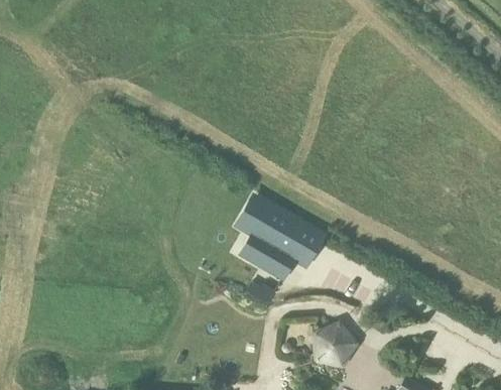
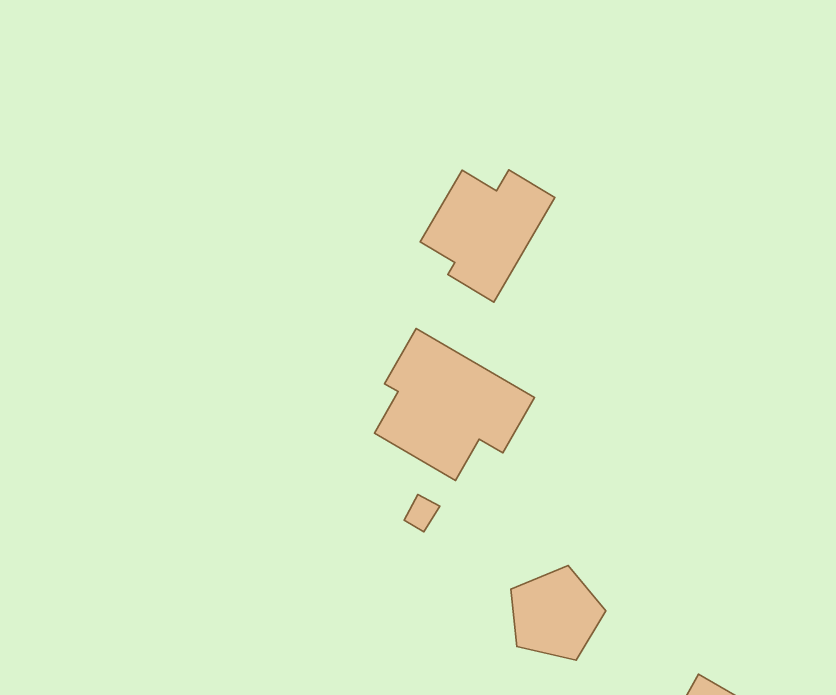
building: none -> [420,170,555,302]

